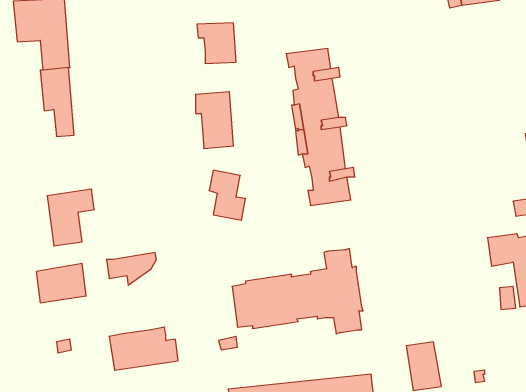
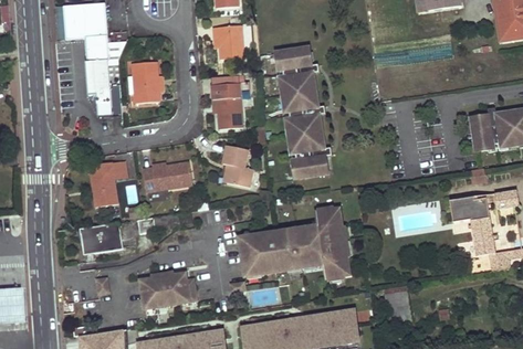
building: none -> [132,61,158,103]
building: none -> [143,162,189,192]

